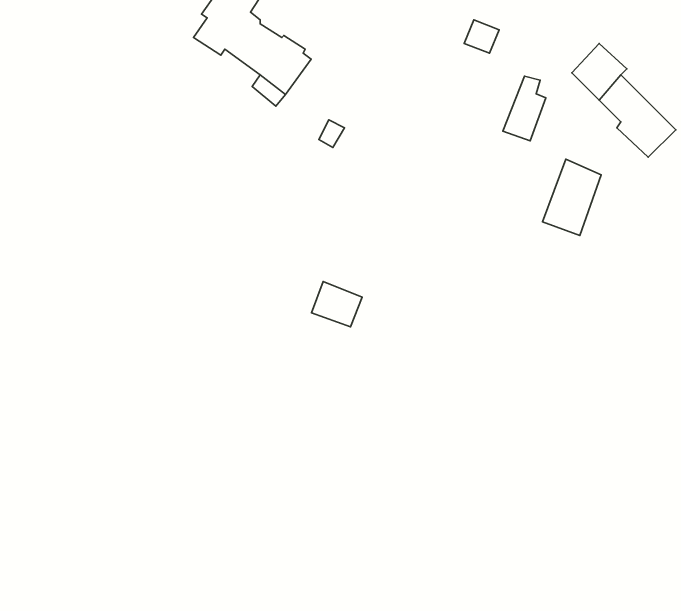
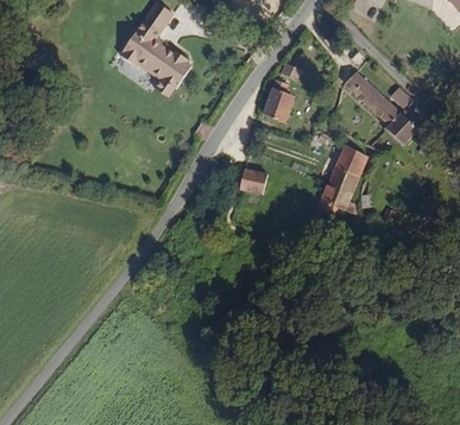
building: [503,76,546,141] -> [269,76,295,115]
building: none -> [323,176,354,220]
building: [311,282,362,327] -> [240,170,271,197]

